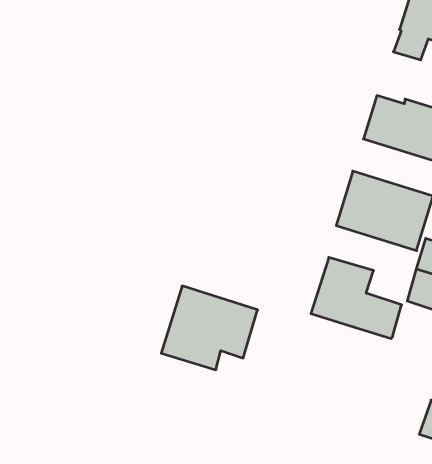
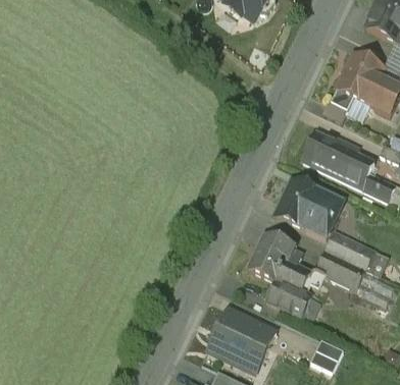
building: [161,286,258,370] -> [206,306,274,365]
building: none -> [267,281,310,315]

